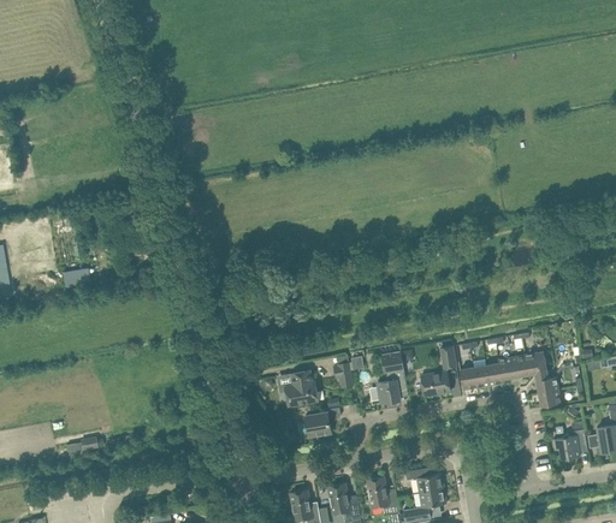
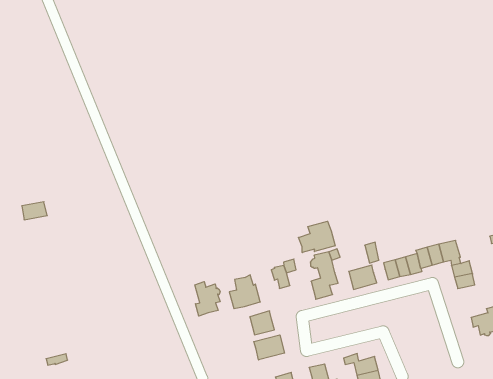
building: none -> [298,221,335,253]
building: none -> [195,282,220,316]
building: none -> [254,335,285,360]

